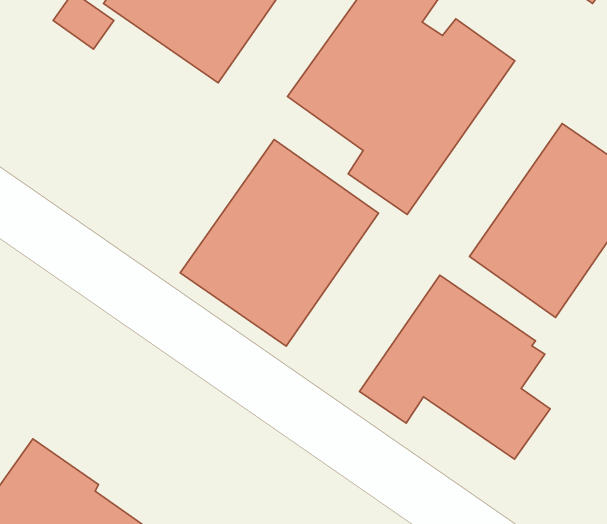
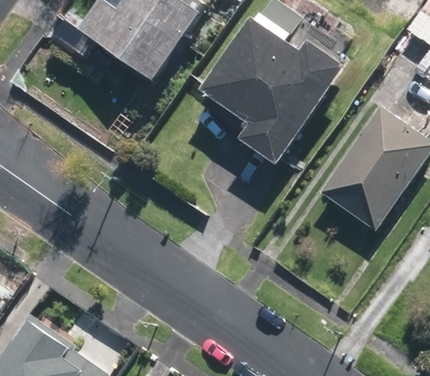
building: [180,139,378,346] -> none
building: [360,275,550,459] -> none

